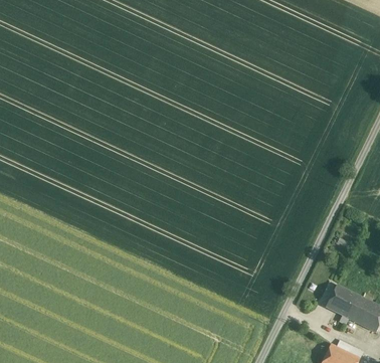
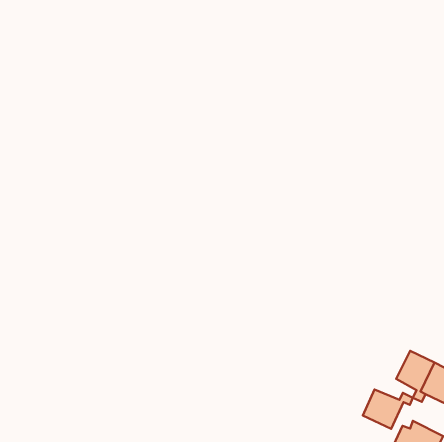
building: none -> [363,390,413,429]

